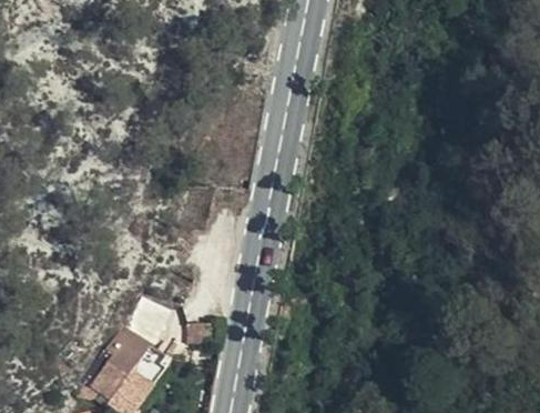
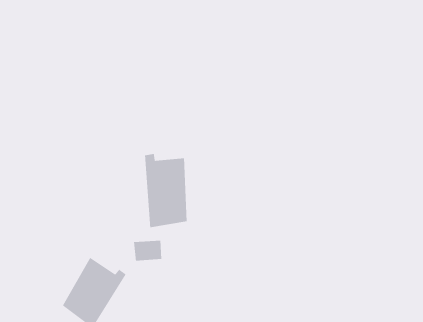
building: none -> [145,153,187,228]

